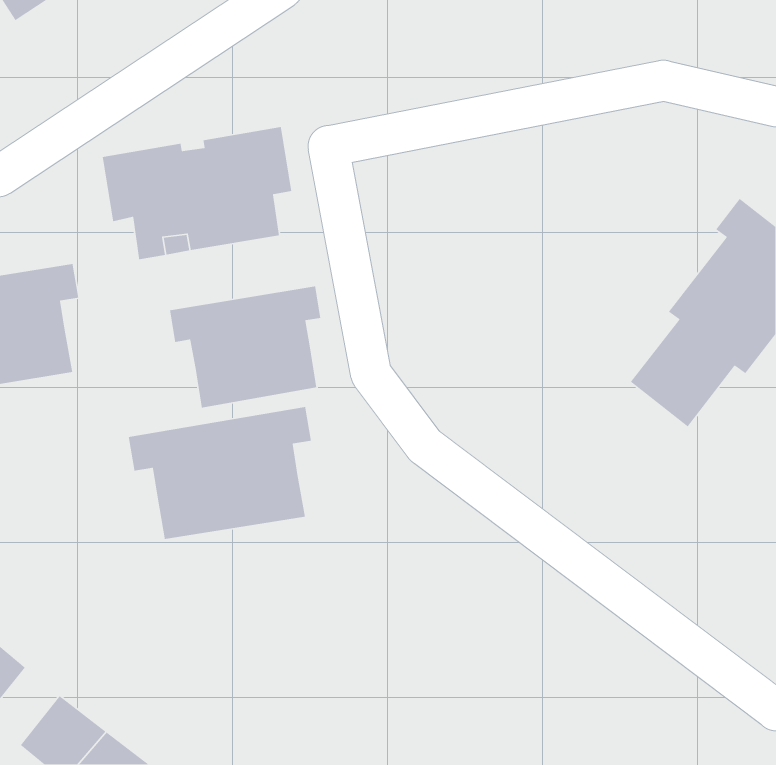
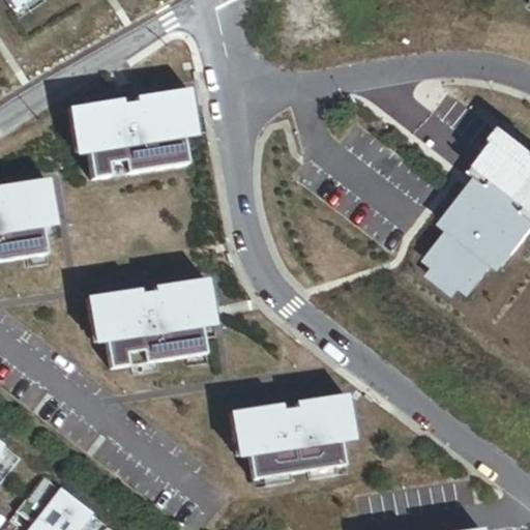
building: [169,286,321,408] -> none
building: none -> [232,391,356,477]

